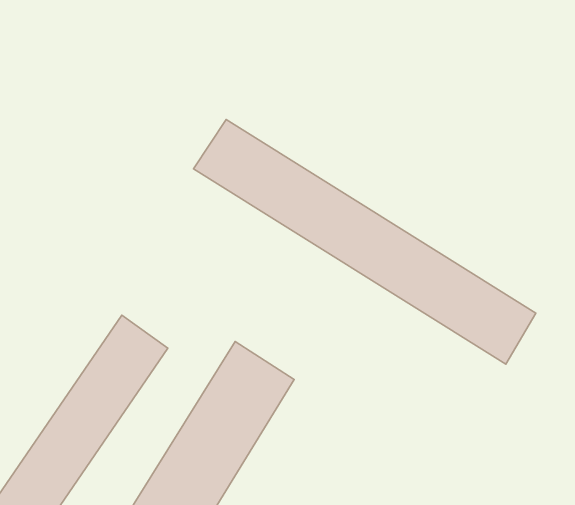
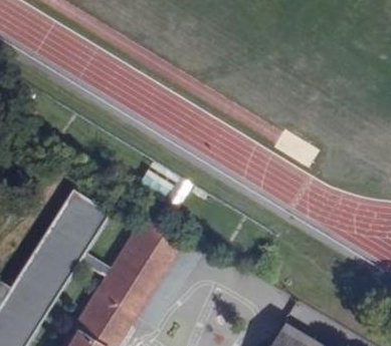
building: [194,119,536,364] -> none

